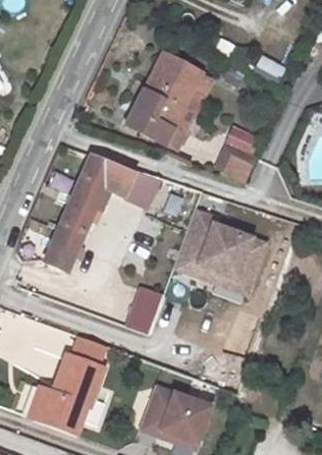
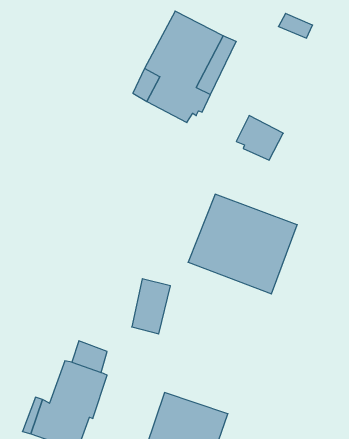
building: [44,153,161,270] -> none

